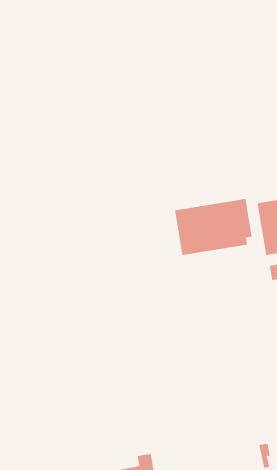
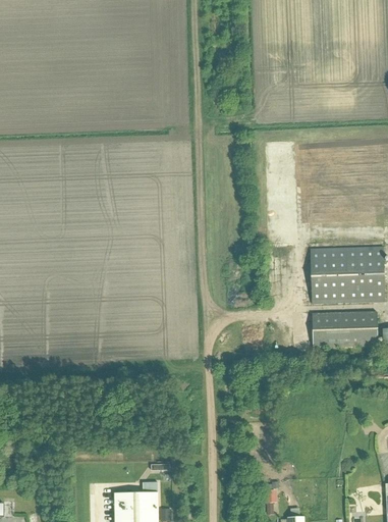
building: [175,198,252,256] -> none

